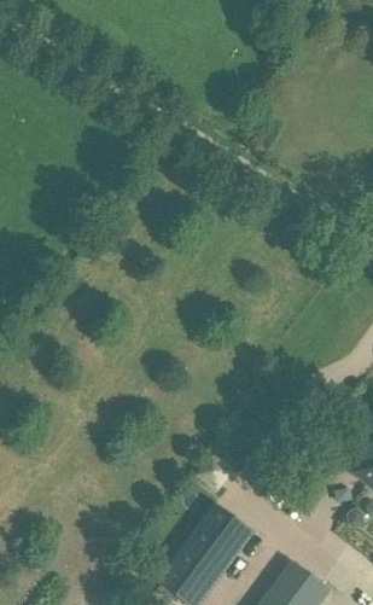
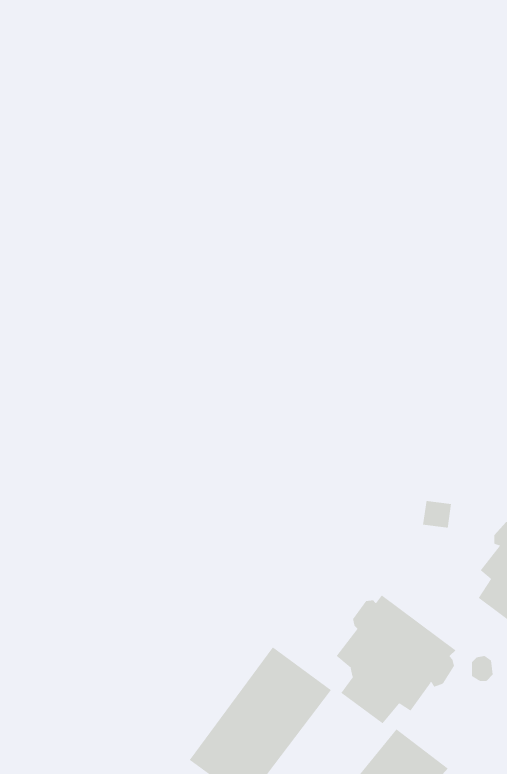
building: none -> [336,594,457,724]

